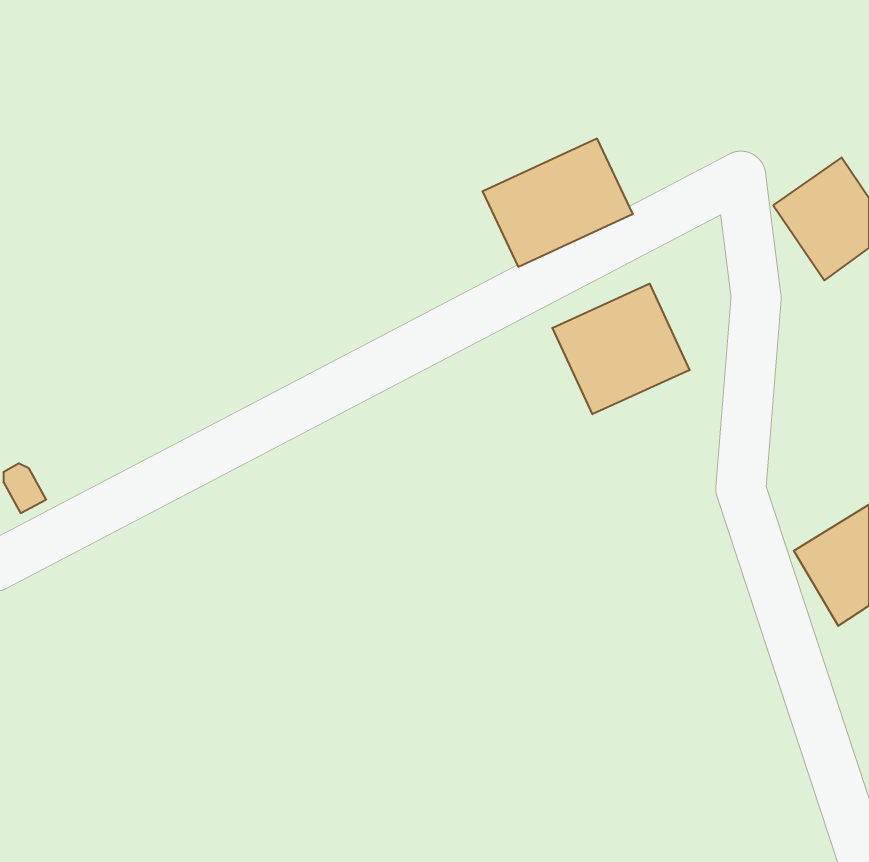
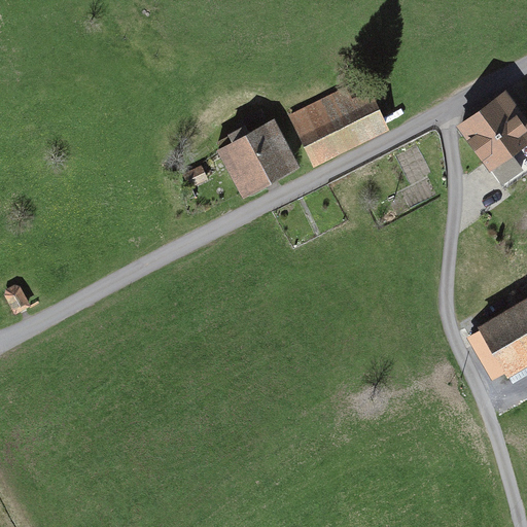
building: none -> [224,127,294,192]
building: [552,284,690,414] -> none

